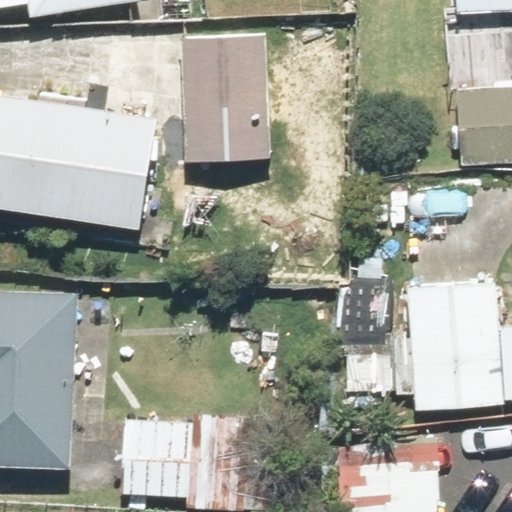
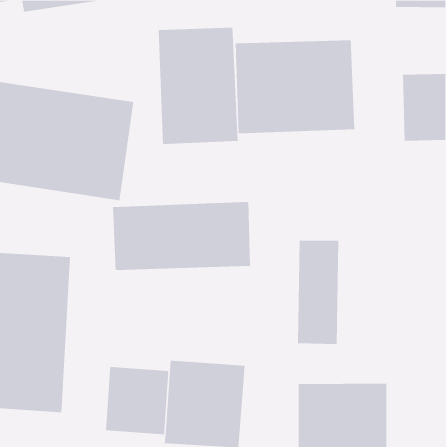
building: none -> [235,39,355,134]
building: none -> [112,201,251,271]
building: [405,284,504,412] -> none

